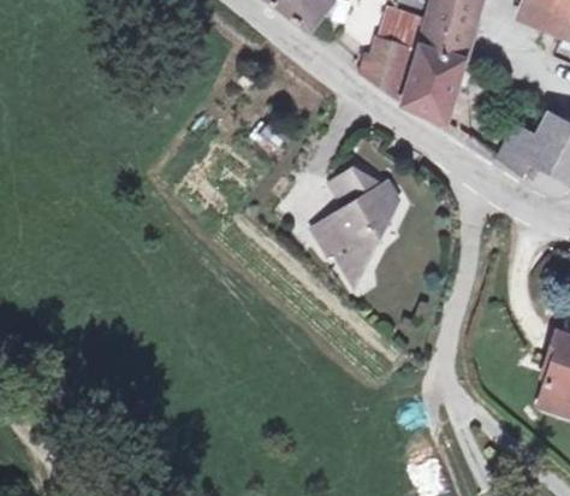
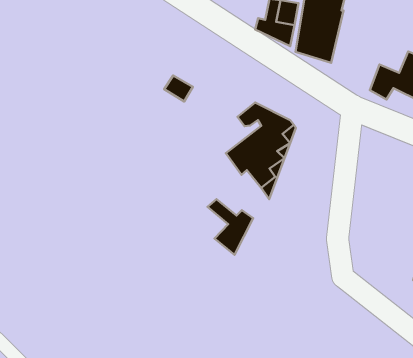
building: none -> [207,199,253,255]

